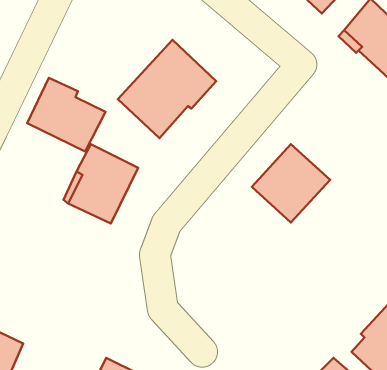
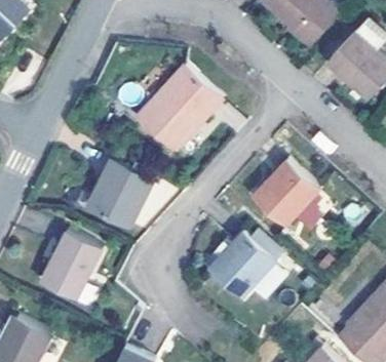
building: [27,78,106,152] -> none
building: none -> [40,227,103,297]
building: none -> [208,229,275,298]

